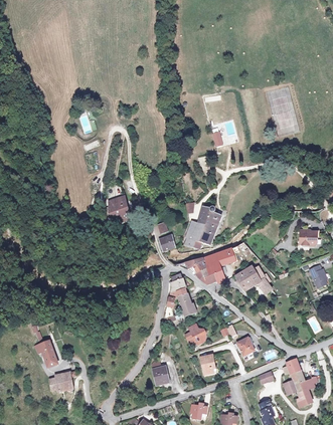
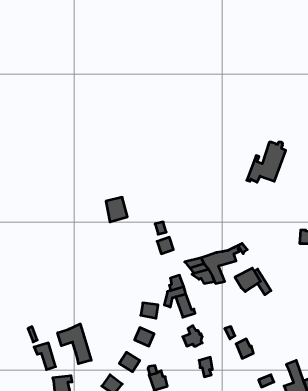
building: [183,209,221,248] -> [247,142,286,182]
building: none -> [58,324,91,364]

